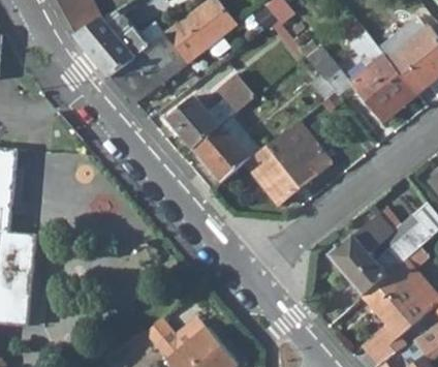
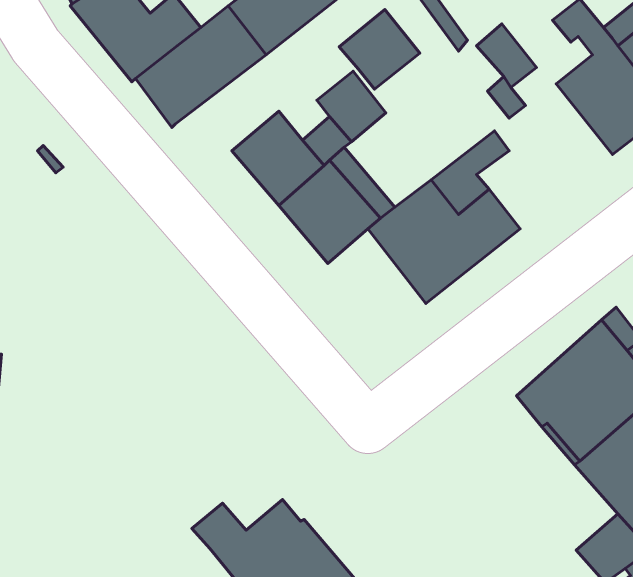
building: none -> [339,9,420,89]

